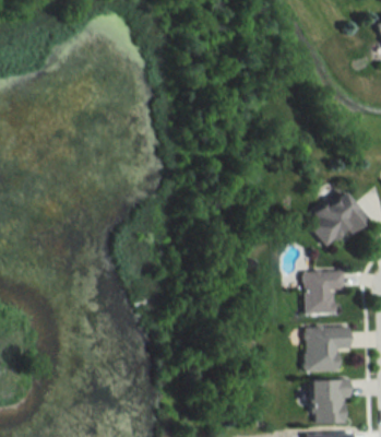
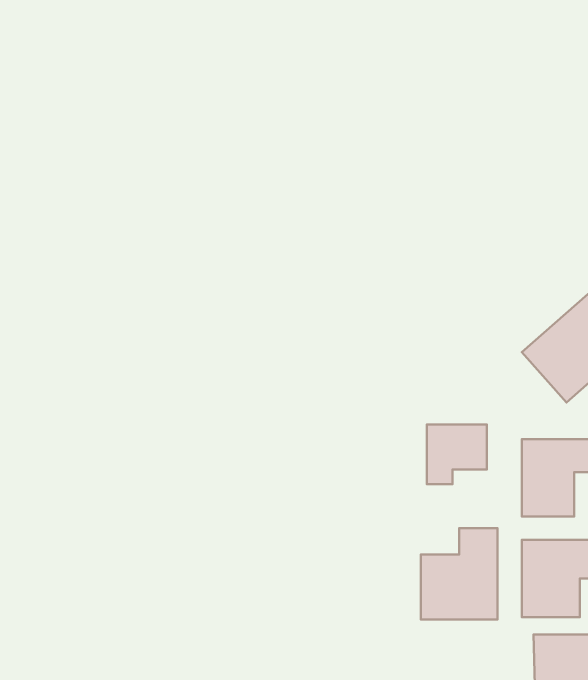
building: none -> [427,425,487,484]
building: none -> [421,528,498,620]

